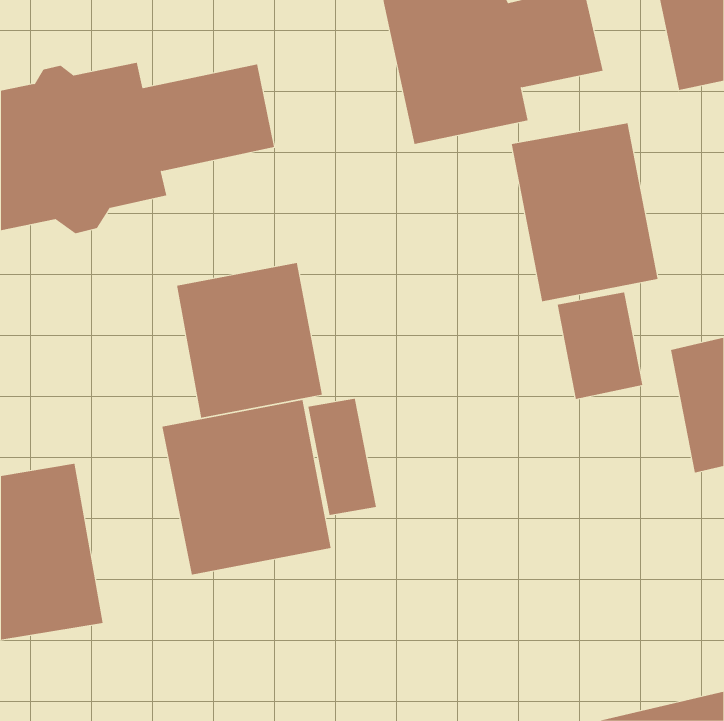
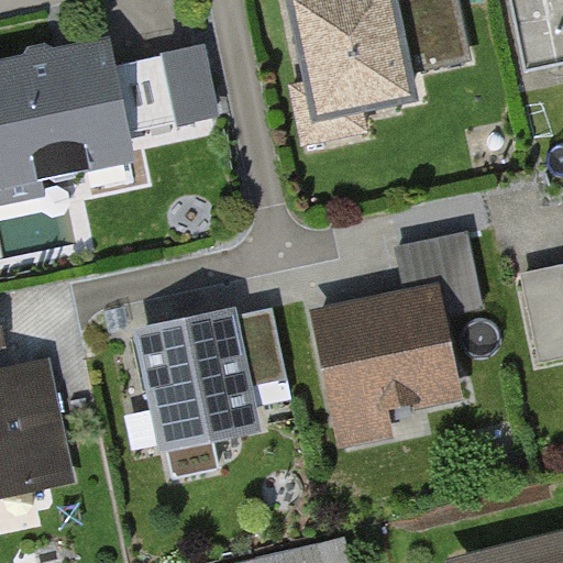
building: [511,122,658,302] -> none
building: [177,262,323,418] -> none
building: none -> [306,285,461,449]

